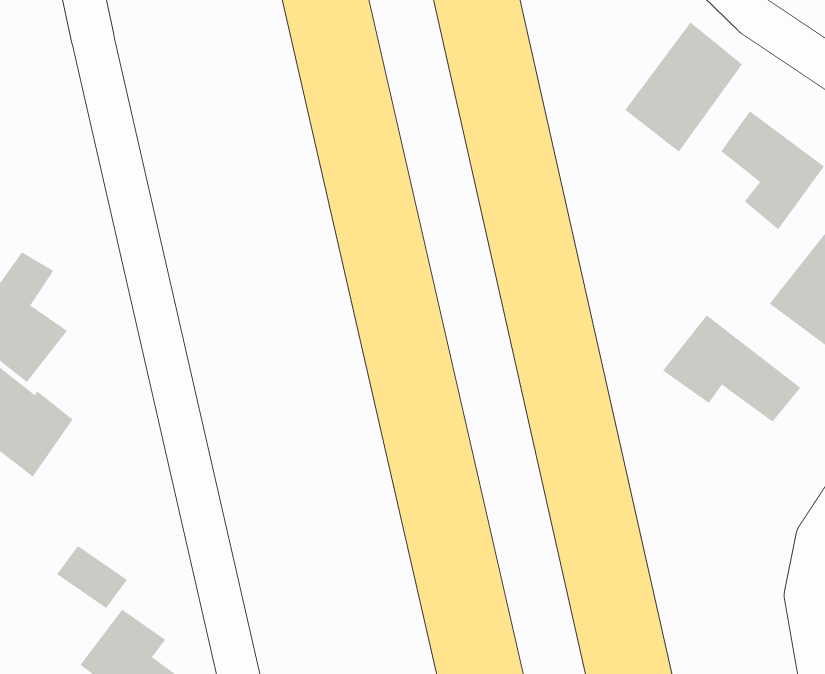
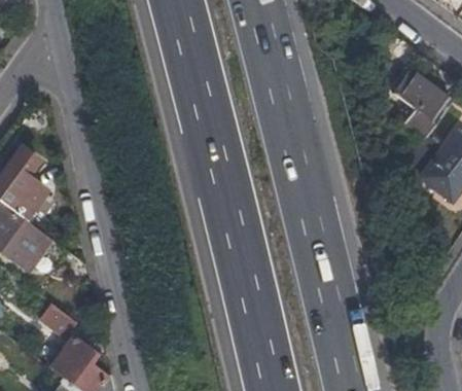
building: [625,21,743,152] -> none
building: [662,315,801,423] -> none

